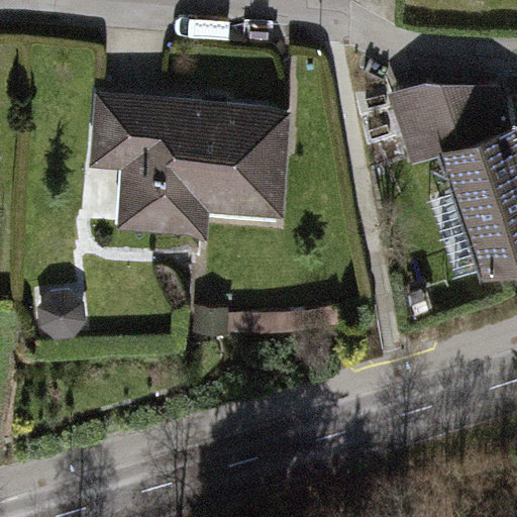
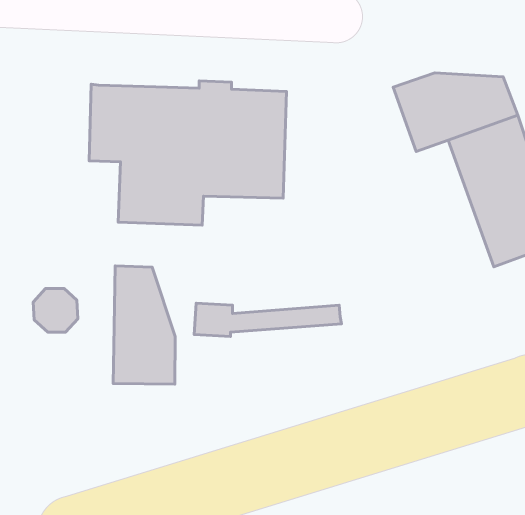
building: none -> [113,266,175,384]

